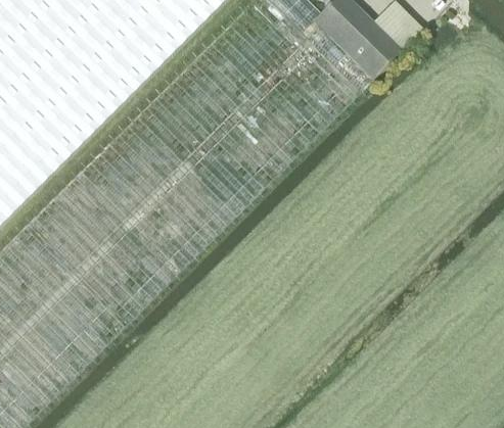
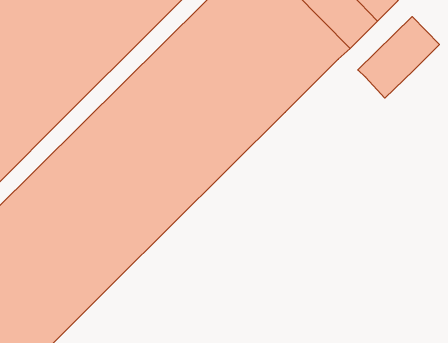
building: none -> [358,17,439,98]

